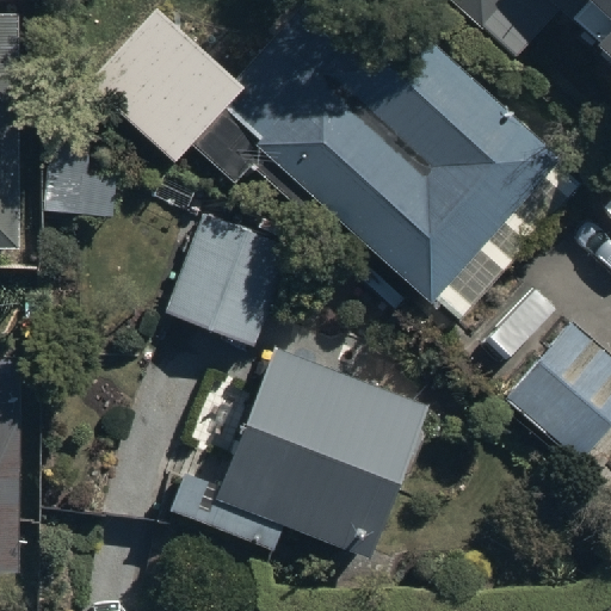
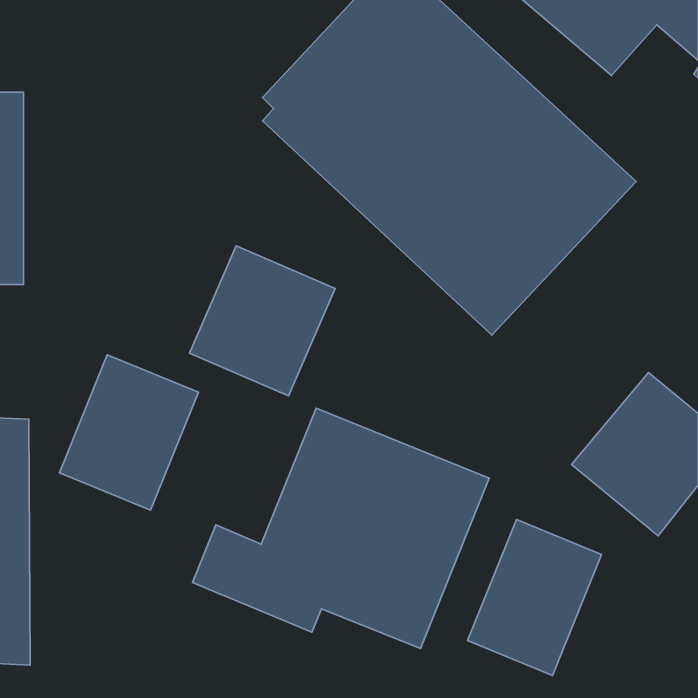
building: [92,16,237,161] -> none
building: none -> [59,355,198,510]
building: none -> [468,519,602,676]

